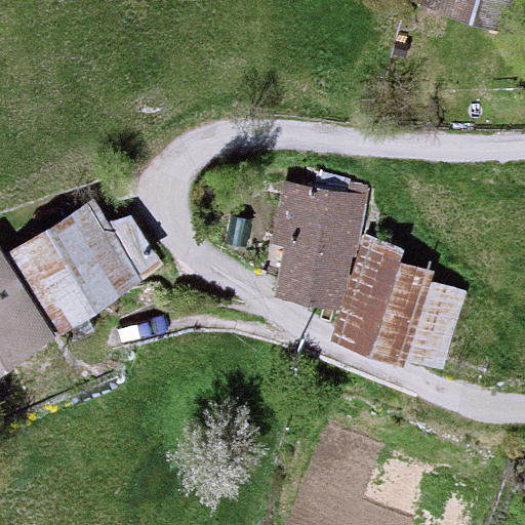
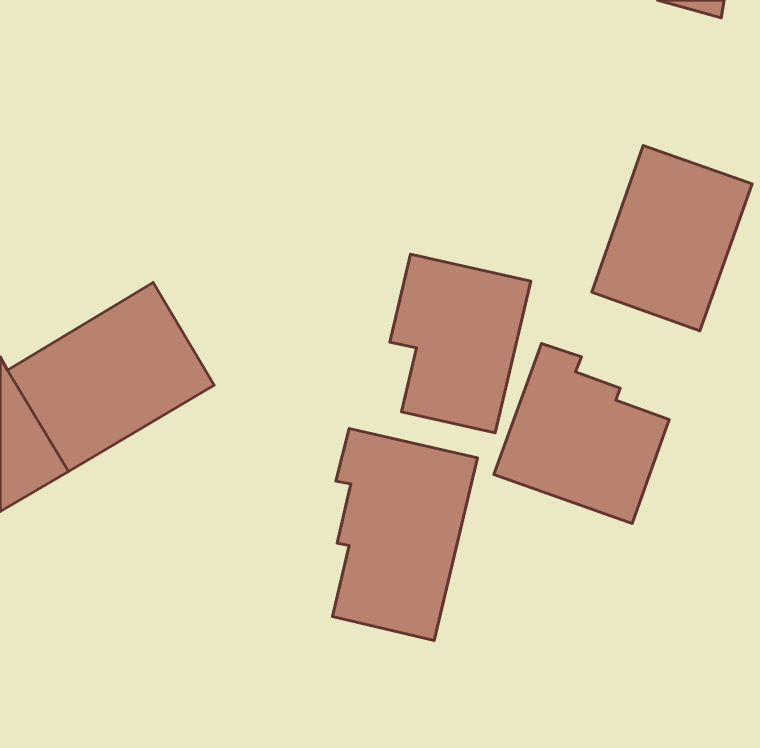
building: none -> [592,145,752,331]
building: none -> [333,429,477,641]

